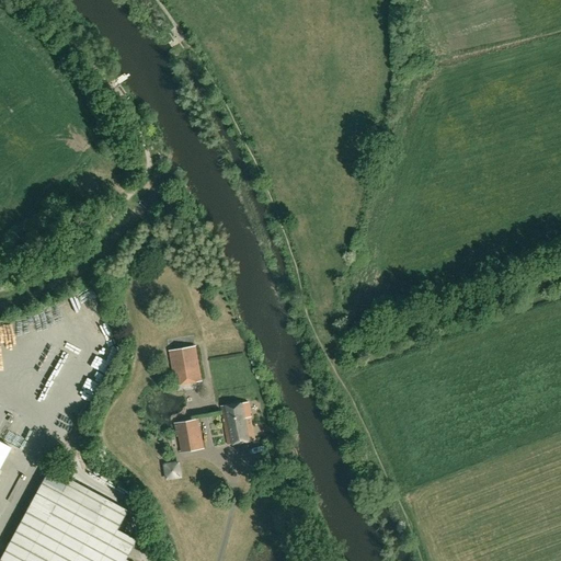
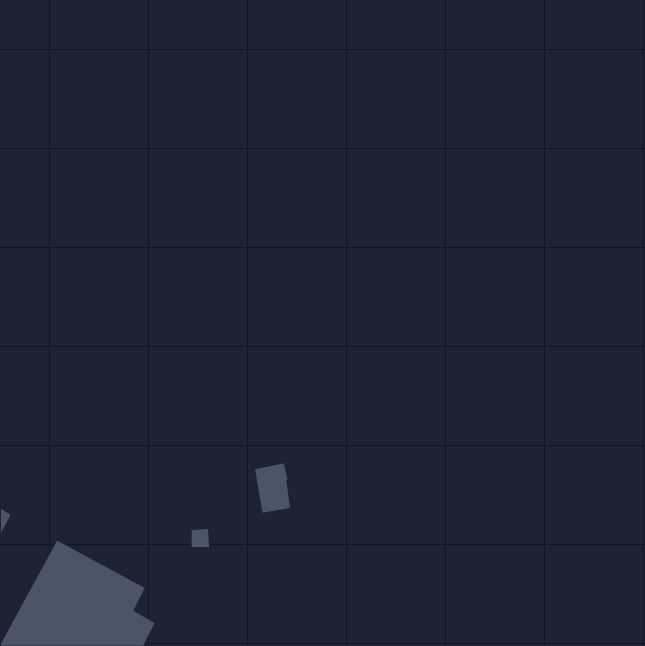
building: [170,346,202,385] -> none
building: [175,419,204,453] -> none

